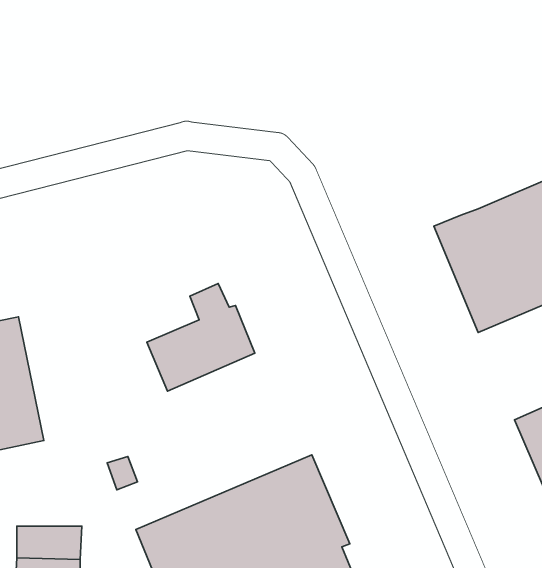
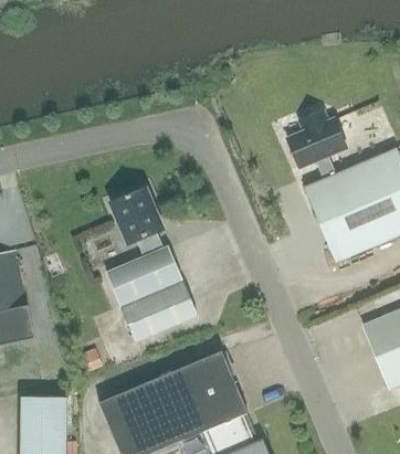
building: none -> [291,112,349,181]
building: none -> [115,187,162,240]
building: none -> [123,277,199,338]

